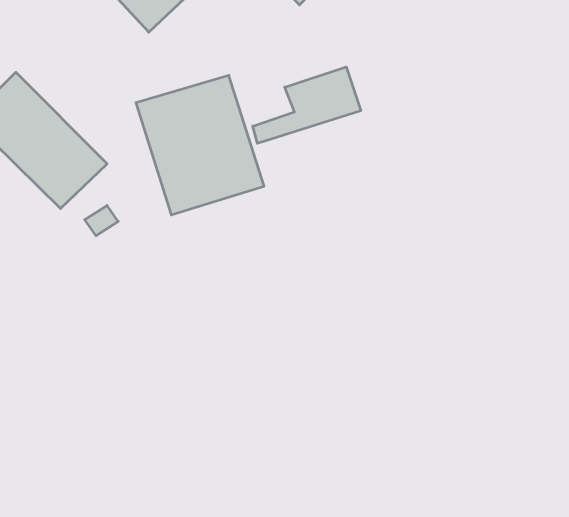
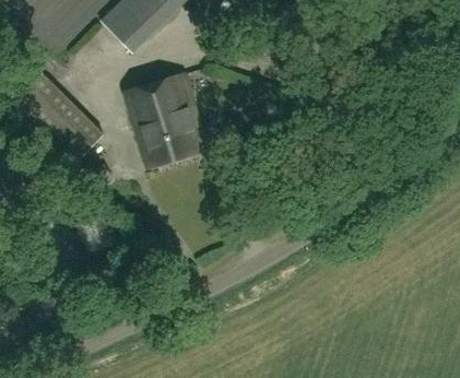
building: [253,67,361,143] -> none

